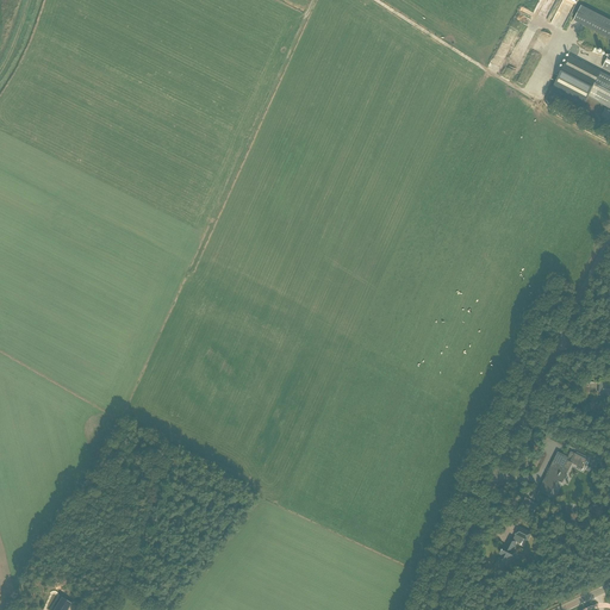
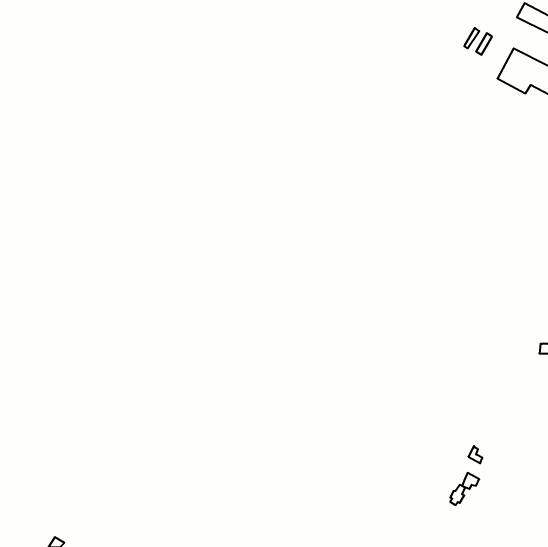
building: [540,449,589,494] -> none

